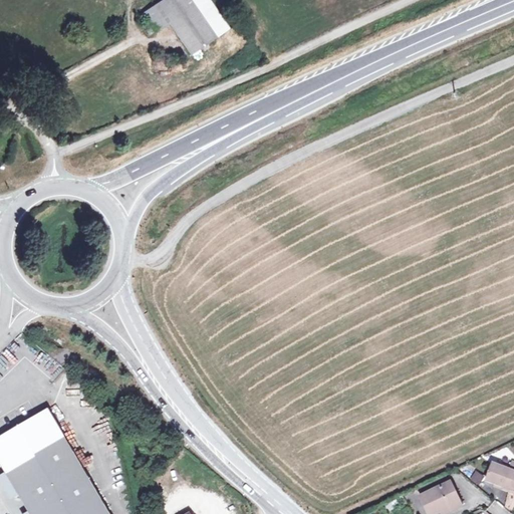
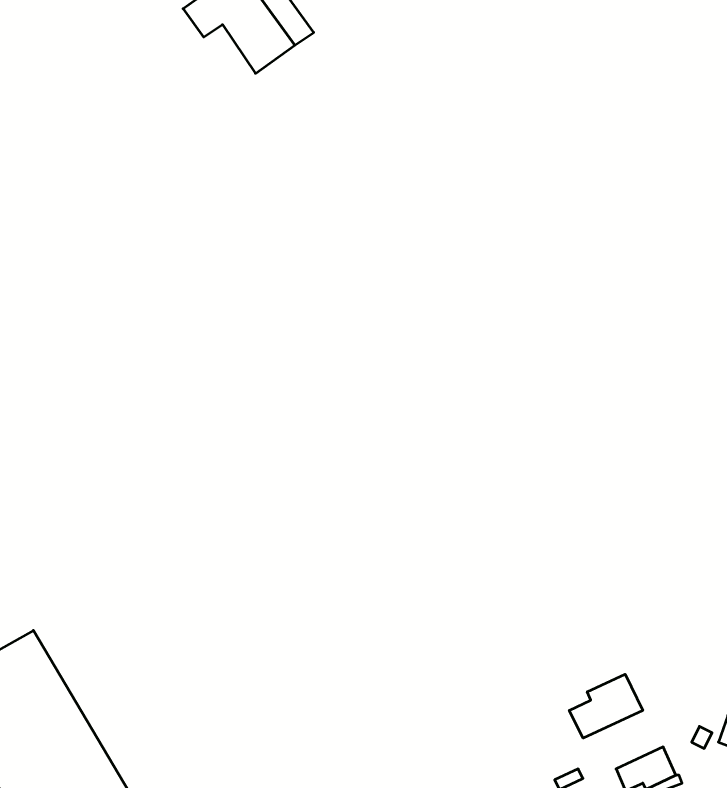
building: none -> [569,674,643,738]

